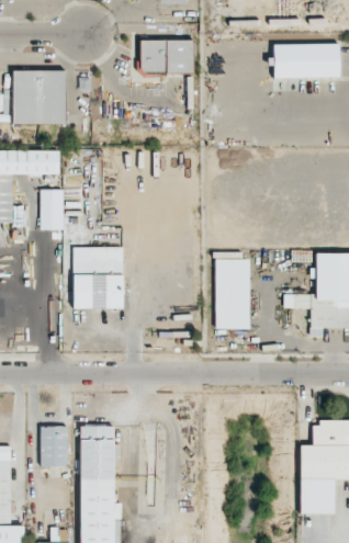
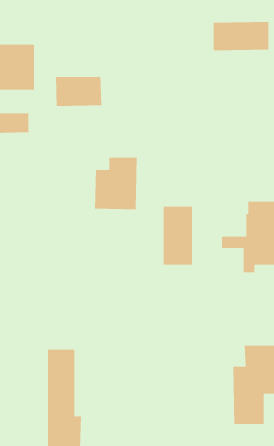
building: [138,39,193,75] -> [55,76,102,106]
building: [40,189,64,229] -> none
building: [72,247,123,308] -> [94,157,138,210]
building: [40,426,68,466] -> none

